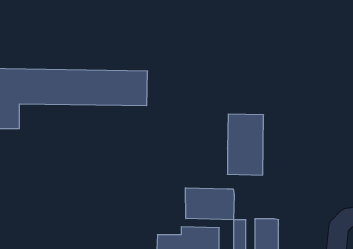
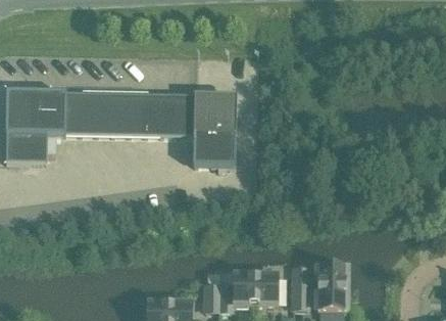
building: [227,114,264,175] -> [194,93,236,164]
building: [186,188,234,220] -> none

